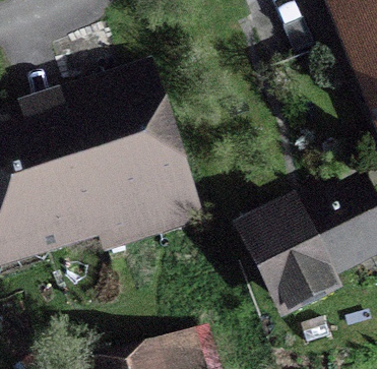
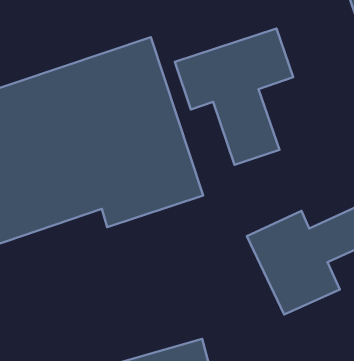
building: none -> [175,29,293,165]

